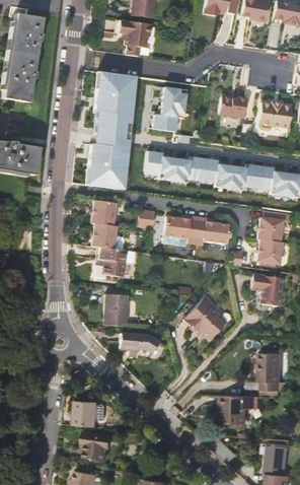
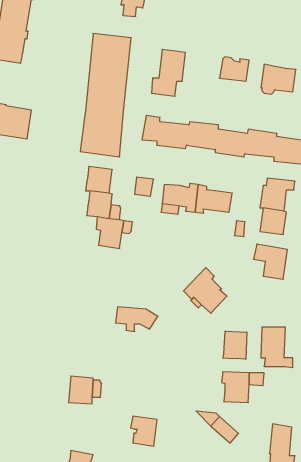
building: [103,294,128,327] -> none
building: none -> [223,331,247,359]
building: [84,431,109,460] -> [131,416,157,446]

